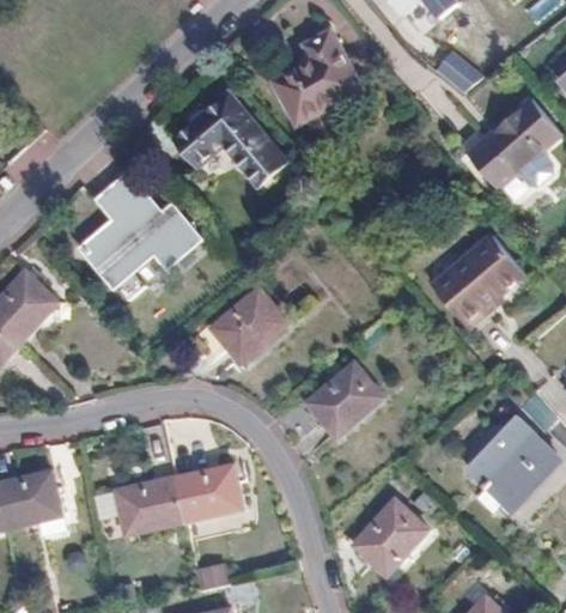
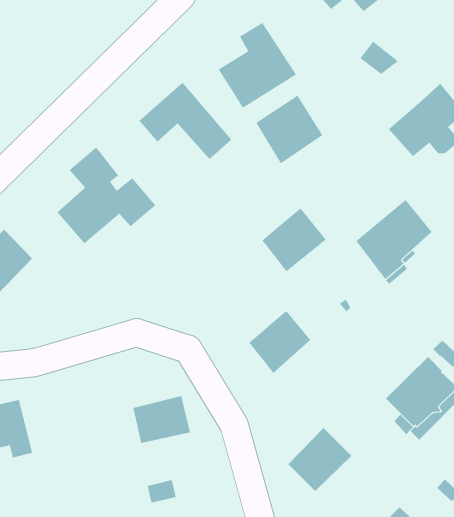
building: none -> [256,95,323,164]
building: [209,286,285,362] -> [262,208,326,272]
building: [114,478,182,534] -> none

